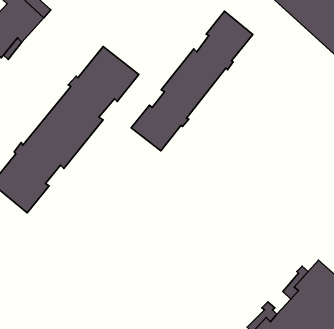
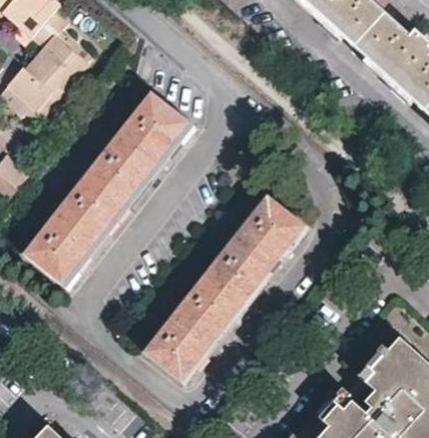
building: [131,11,253,151] -> none
building: none -> [142,195,308,384]

